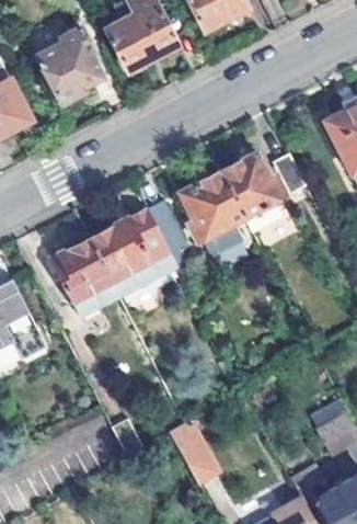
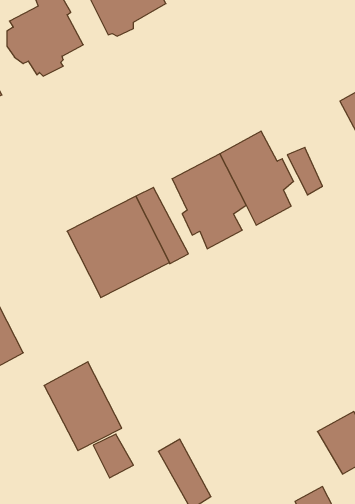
building: [49,239,117,317] -> [44,362,122,451]

